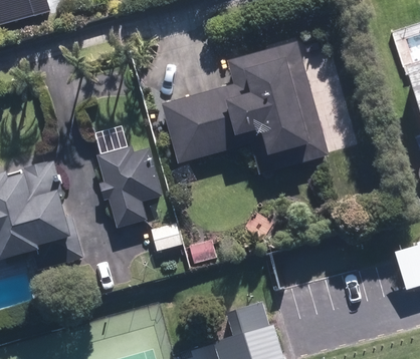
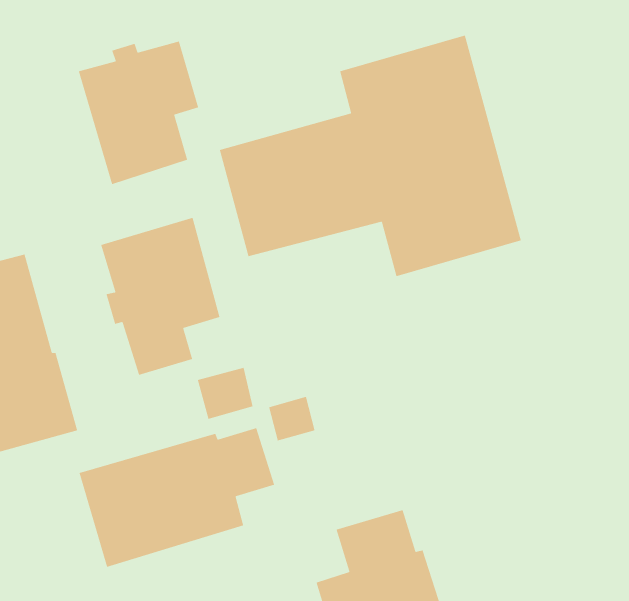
building: none -> [78,41,199,185]
building: none -> [78,427,275,568]

